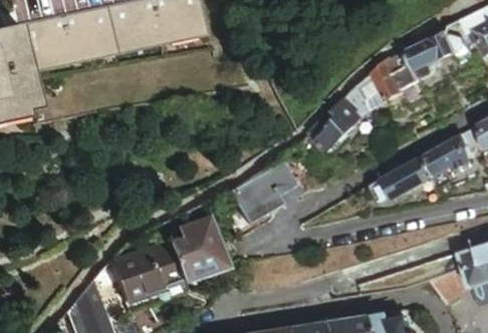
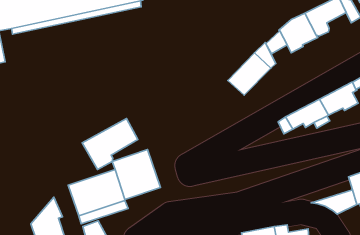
building: [233,164,302,228] -> [82,119,138,170]

